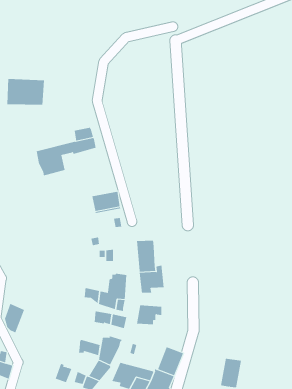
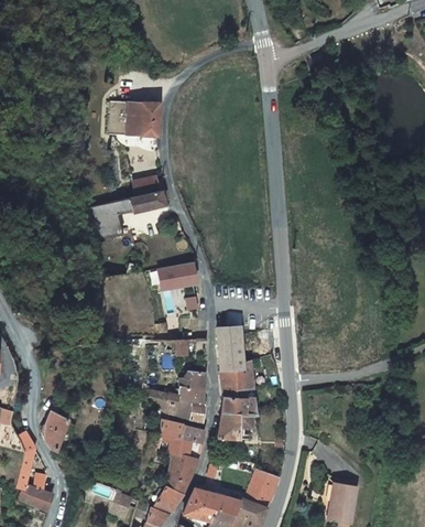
building: [7,79,45,105] -> [109,100,160,136]
building: none -> [221,397,258,415]
building: [78,339,100,356] -> [172,437,201,459]

